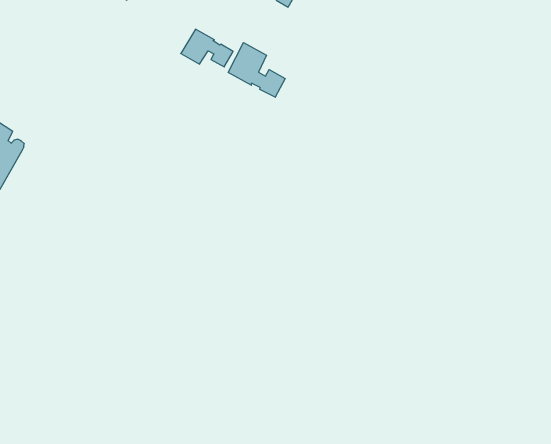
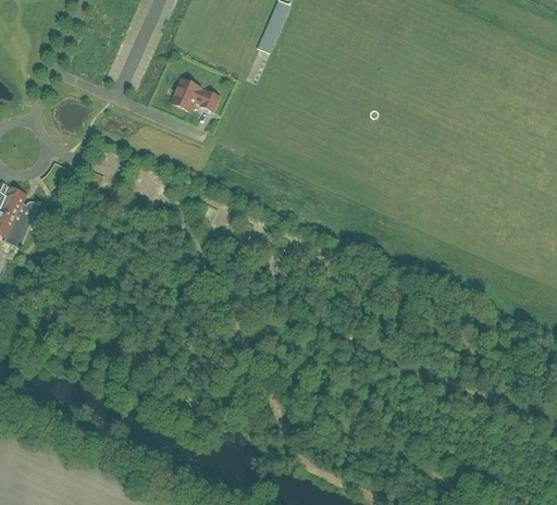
building: [228,43,285,97] -> none

